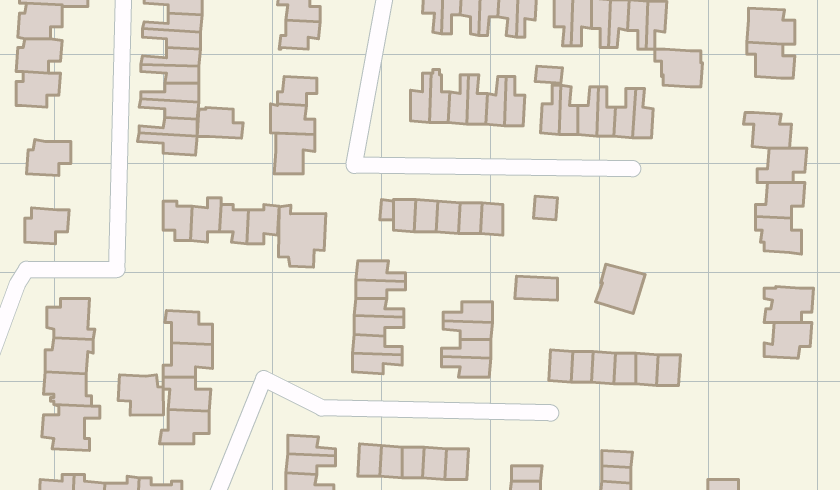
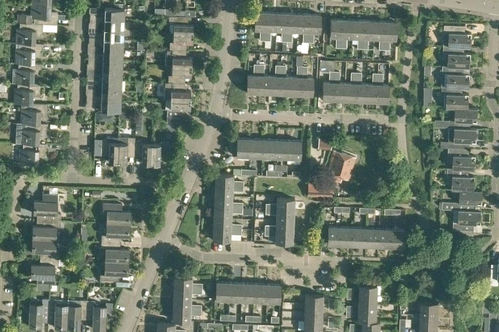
building: [655,49,703,87] -> [442,67,470,89]
building: none -> [14,84,40,105]
building: [197,107,243,138] -> [165,50,192,68]
building: none -> [16,124,47,145]
building: [279,205,326,267] -> none
building: none -> [447,169,474,191]
building: [596,264,645,314] -> [327,151,356,180]
building: [118,375,164,415] -> none

